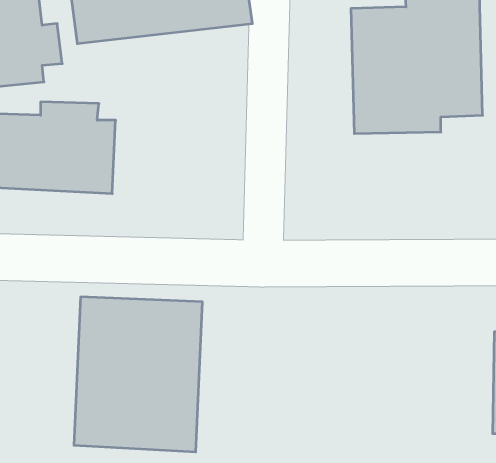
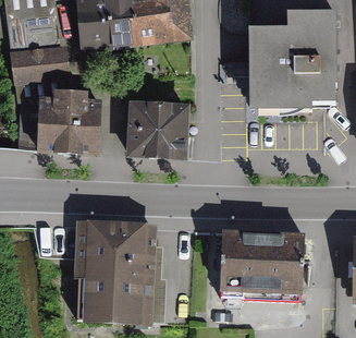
building: none -> [131,102,189,155]
building: none -> [224,231,300,295]

